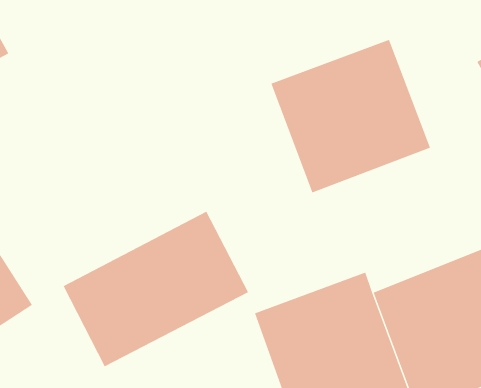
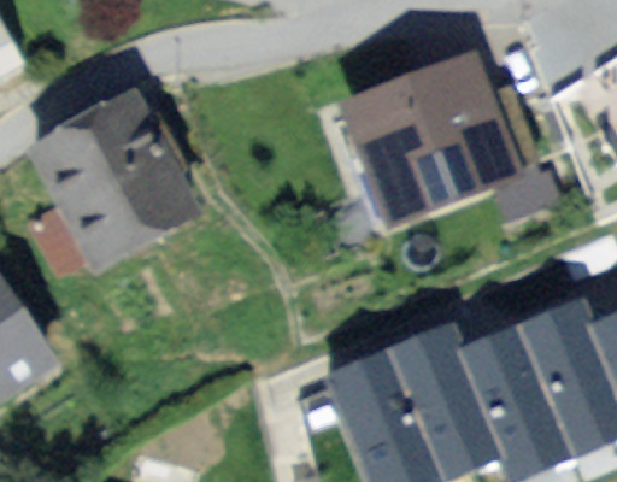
building: none -> [28,89,204,266]
building: [63,211,249,367] -> none

